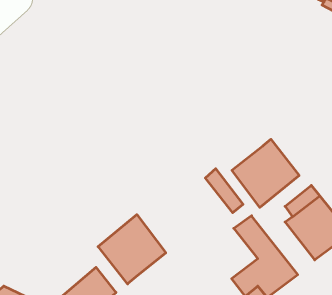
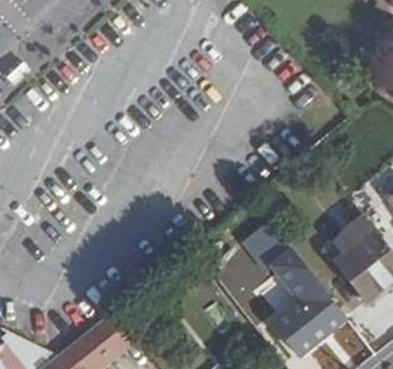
building: [232,139,299,207] -> none
building: [98,215,166,284] -> none

